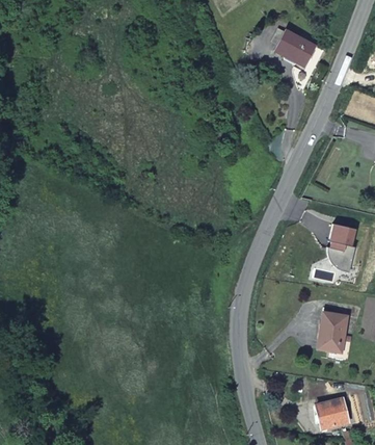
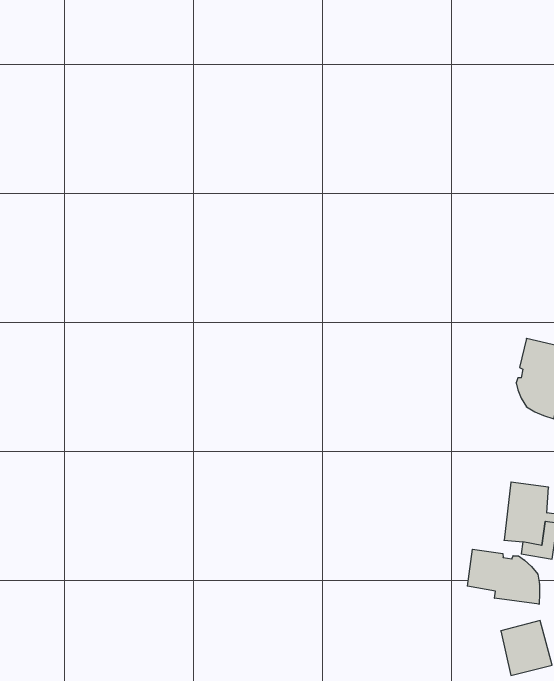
building: [274,27,315,67] -> none
building: none -> [467,549,540,604]

